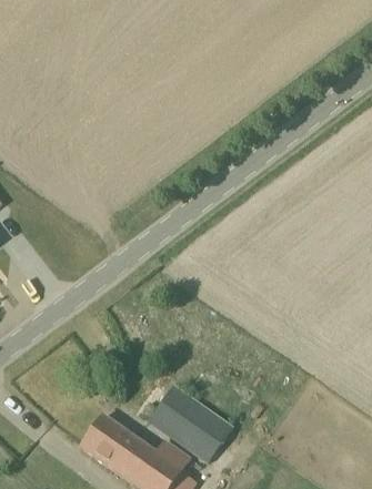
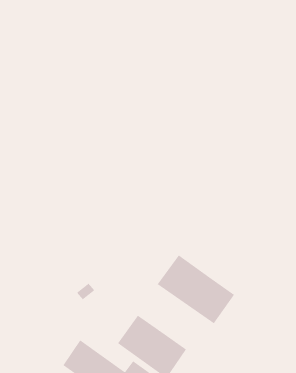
building: none -> [157,254,235,324]

